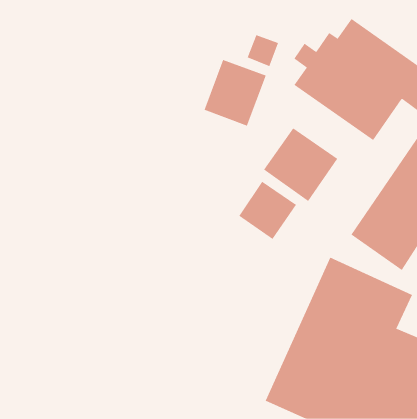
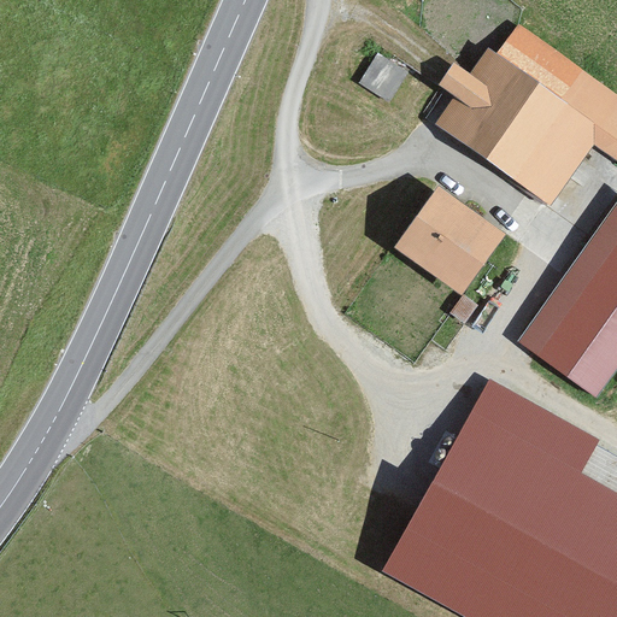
building: [204,59,267,127] -> none
building: [238,181,297,240] -> none

